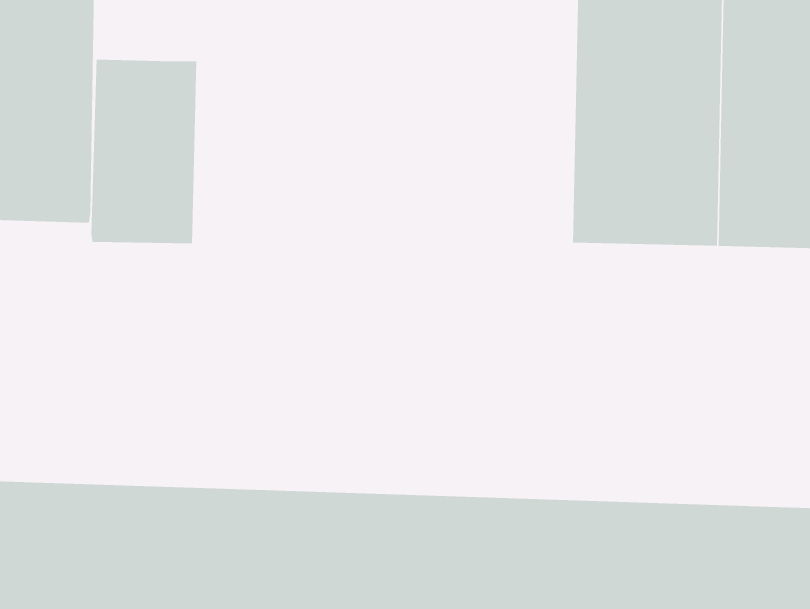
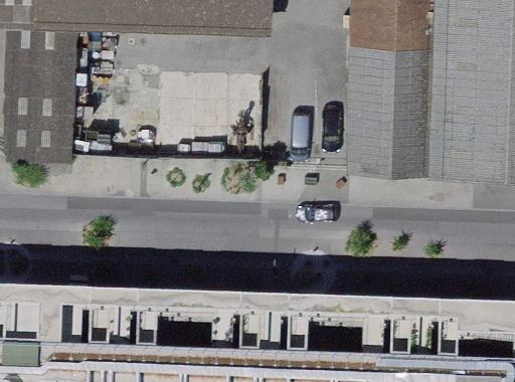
building: [91,59,197,244] -> none

